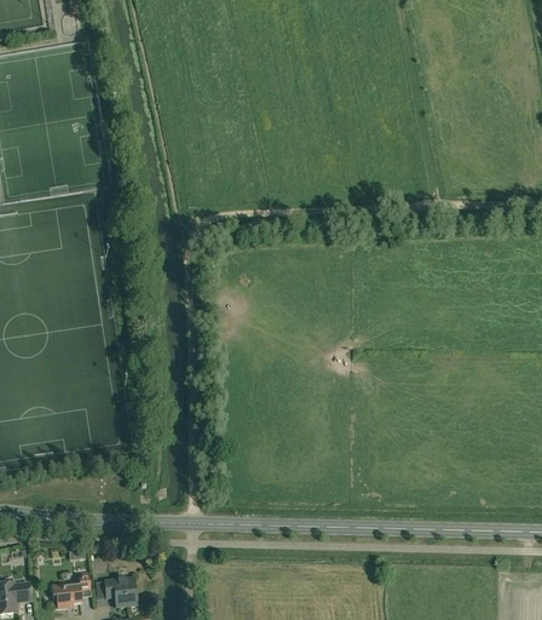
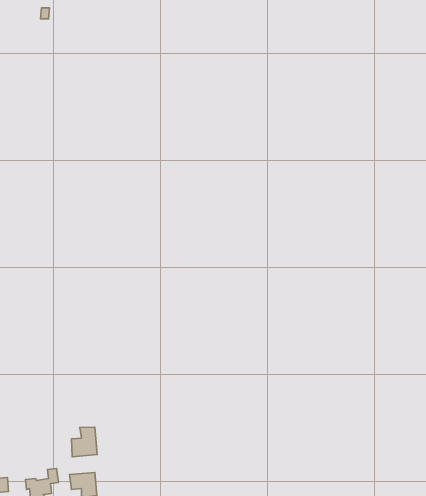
building: none -> [71,427,97,457]

